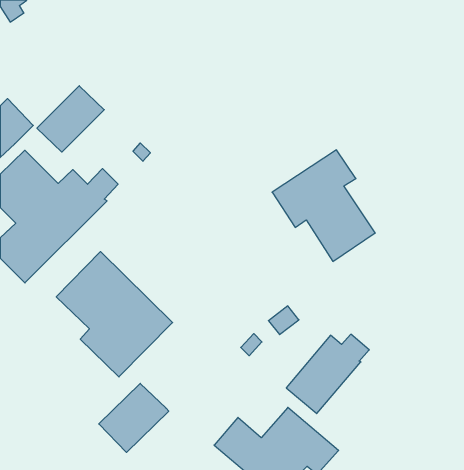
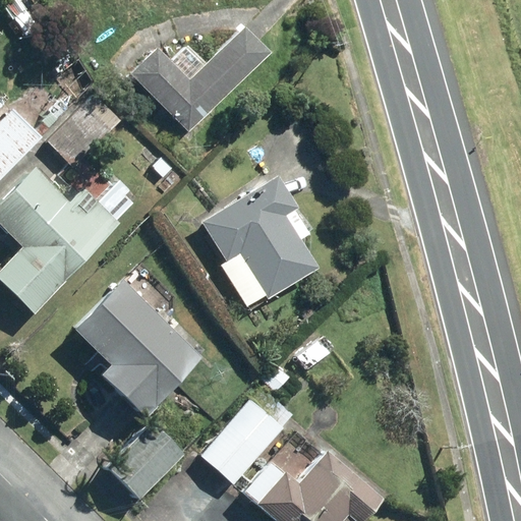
building: none -> [129,25,265,131]
building: [272,150,375,261] -> [200,175,314,298]
building: [286,334,369,414] -> [210,399,301,486]

